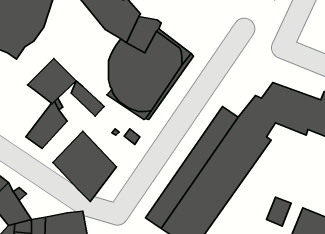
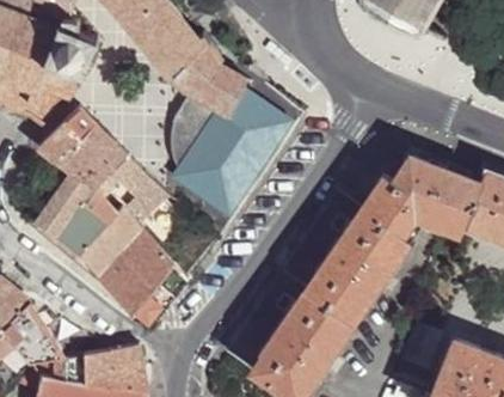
building: none -> [39,105,97,163]
building: none -> [33,172,93,238]
building: none -> [80,212,139,275]

